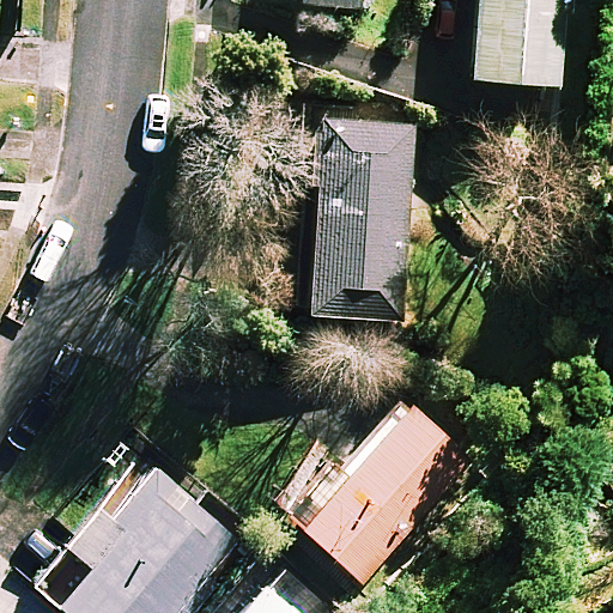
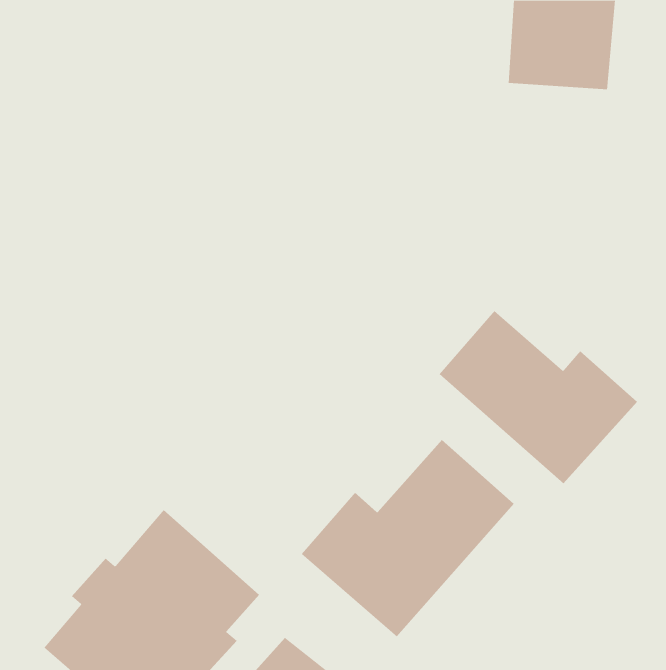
building: [296,114,412,318] -> none
building: none -> [439,310,638,484]

